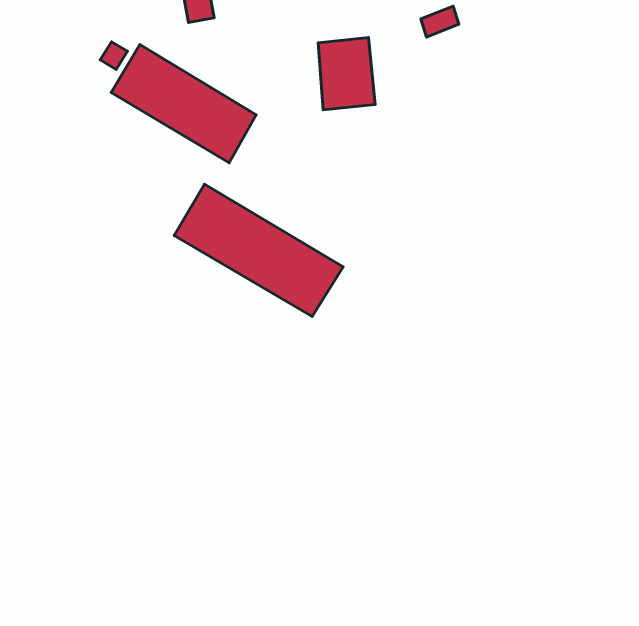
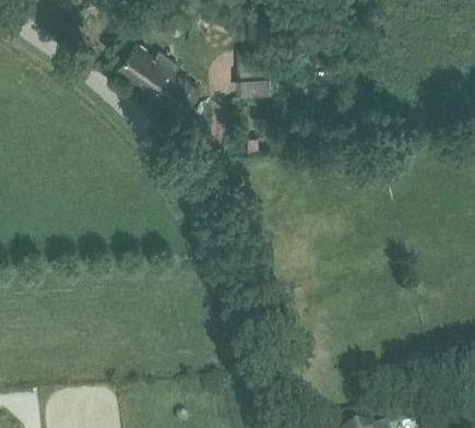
building: [174,184,343,316] -> none

